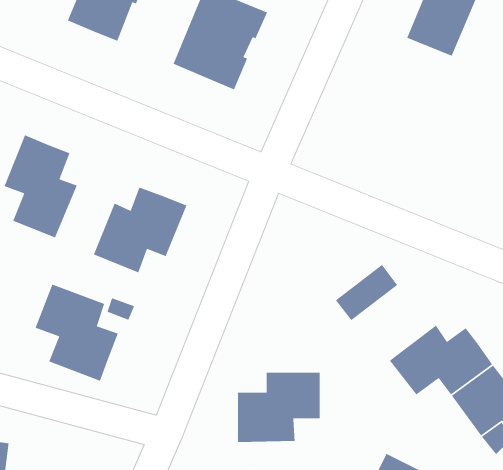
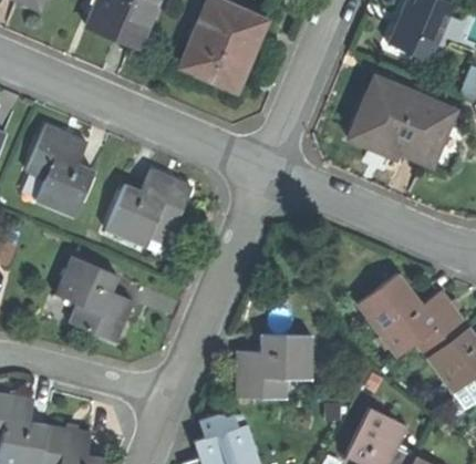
building: none -> [348,72,452,159]
building: [335,264,398,321] -> [358,275,414,326]

